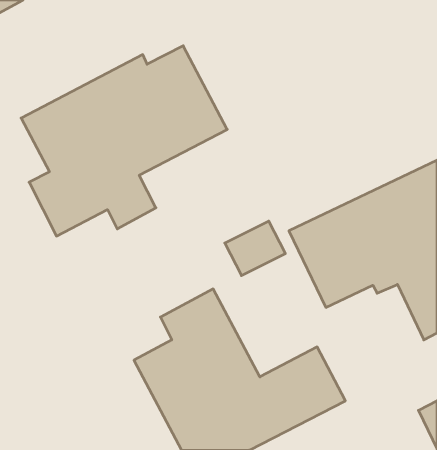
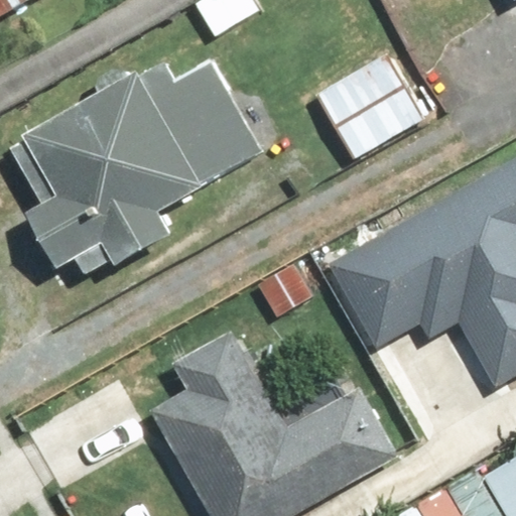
building: none -> [307,44,421,158]

